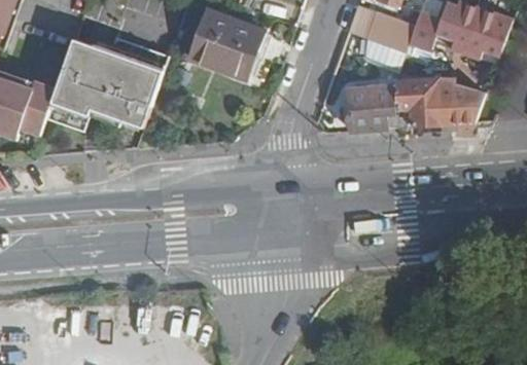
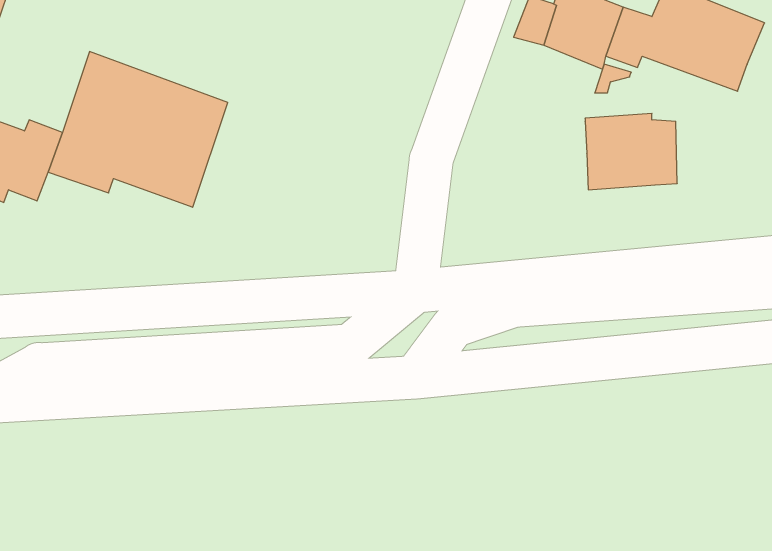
building: [189,9,262,78] -> none
building: [348,82,395,130] -> none
building: [453,82,484,122] -> none

